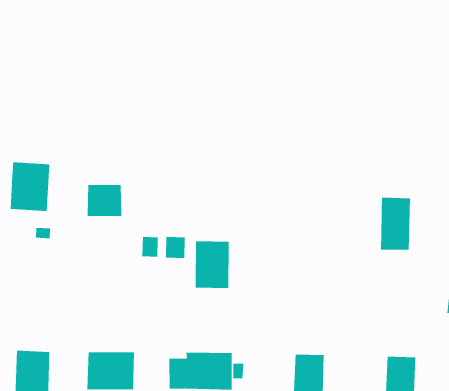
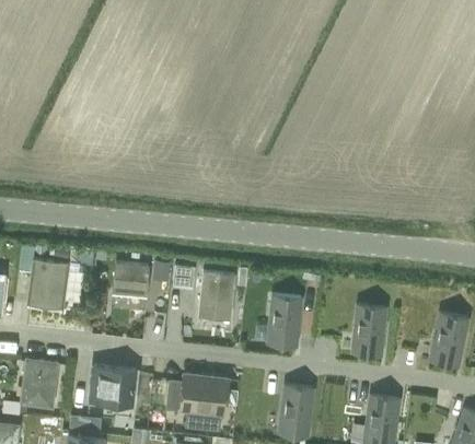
building: [10,162,50,212] -> [27,259,69,308]
building: [87,184,122,216] -> [113,264,148,296]
building: [380,197,411,250] -> [352,305,385,357]
building: none -> [268,295,301,348]

